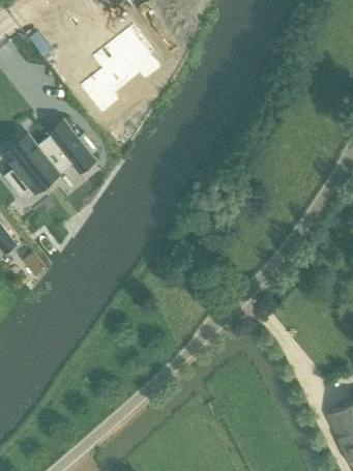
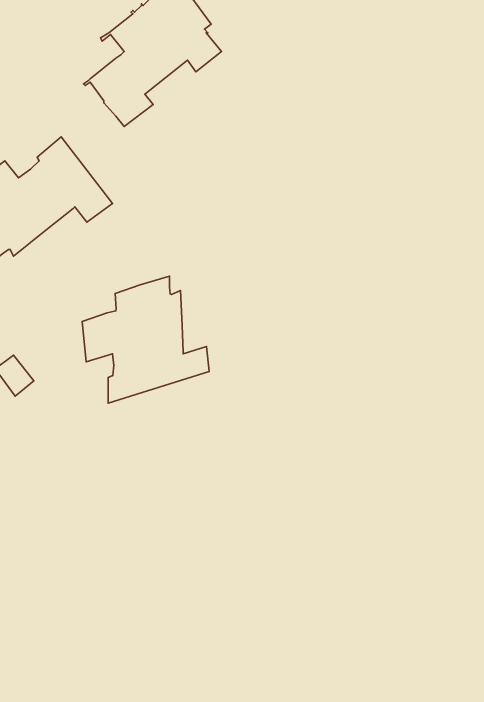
building: none -> [82,276,209,403]

